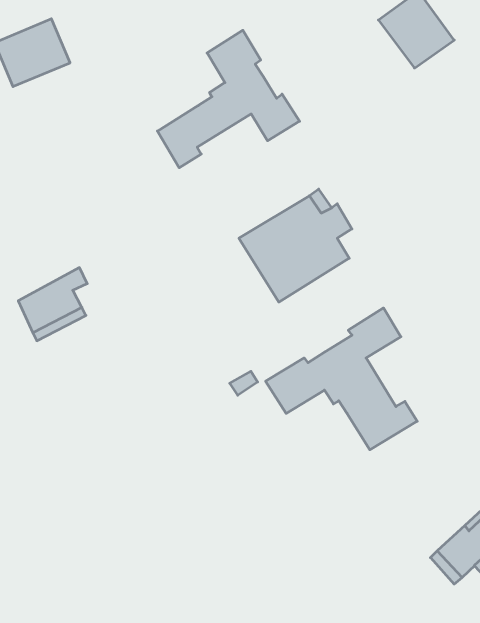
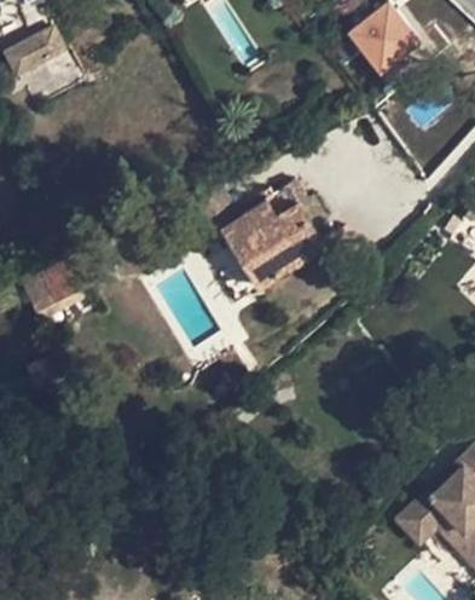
building: [157,30,300,168] -> none
building: [266,308,417,450] -> none

